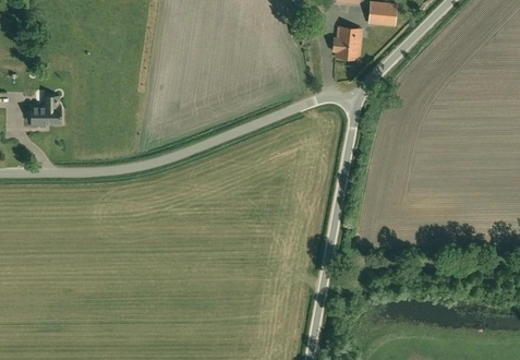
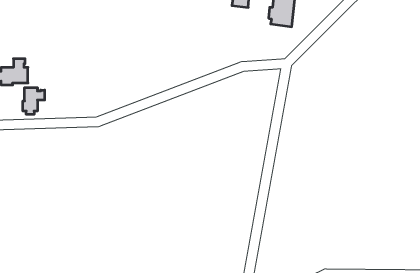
building: none -> [23,88,45,114]

